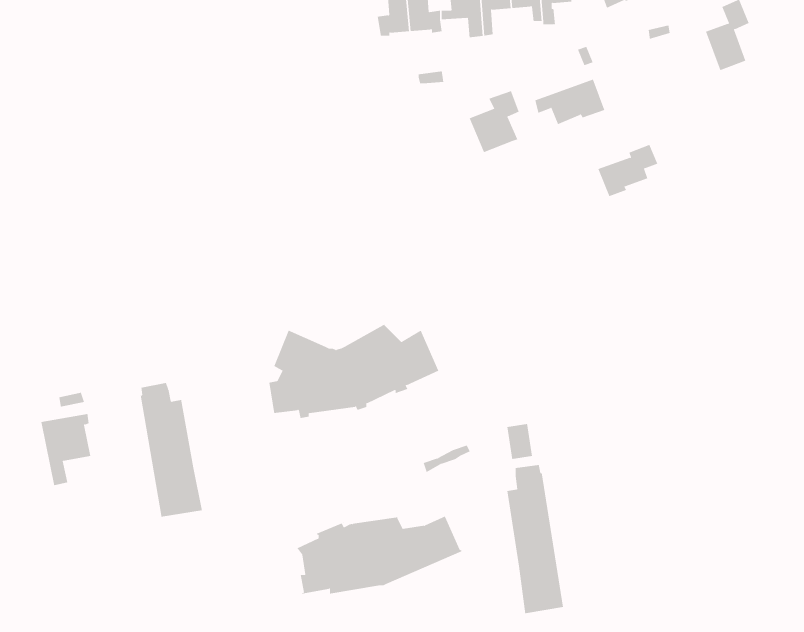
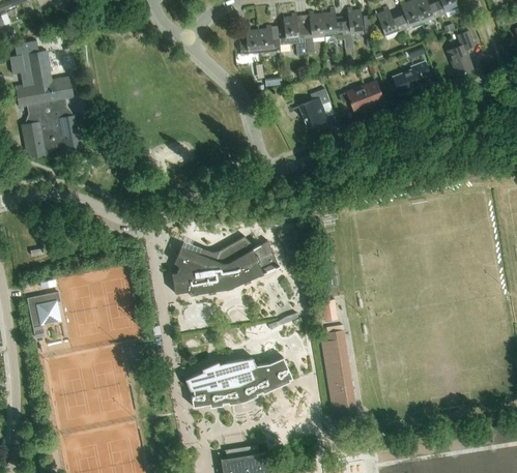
building: none -> [9,40,84,159]
building: [597,144,658,197] -> [392,62,430,95]
building: [140,382,202,518] -> none

